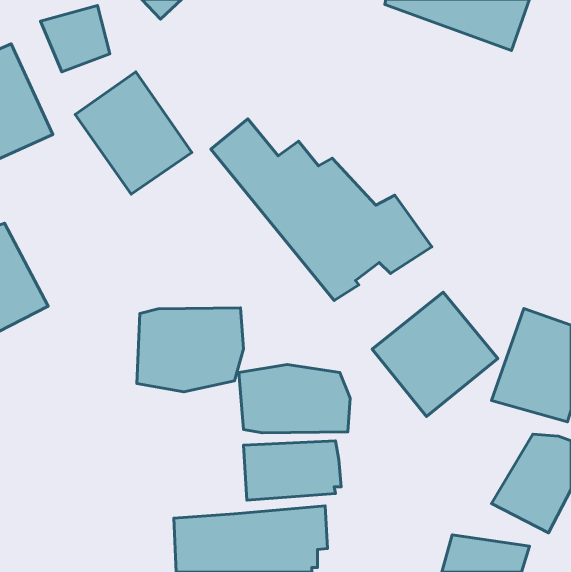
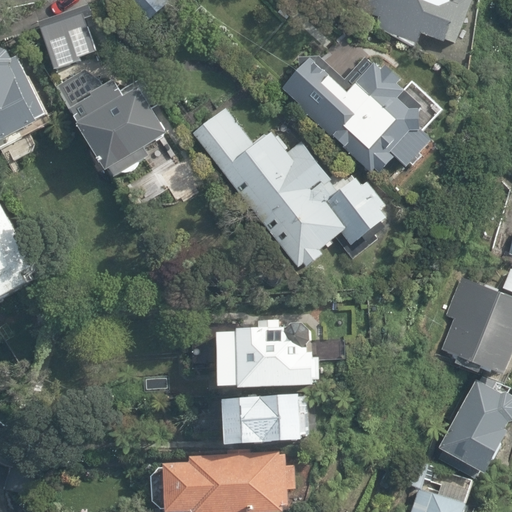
building: none -> [283,54,441,181]
building: [372,292,498,416] -> none
building: [137,308,244,392] -> none

